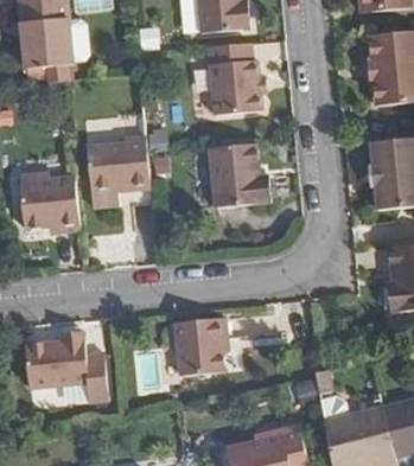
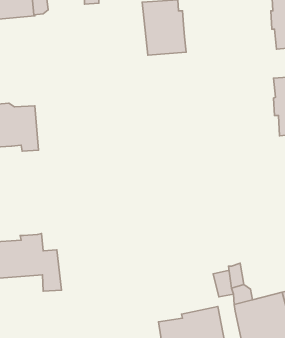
building: [87,138,151,191] -> none
building: [208,143,269,208] -> none
building: [176,318,229,374] -> none

